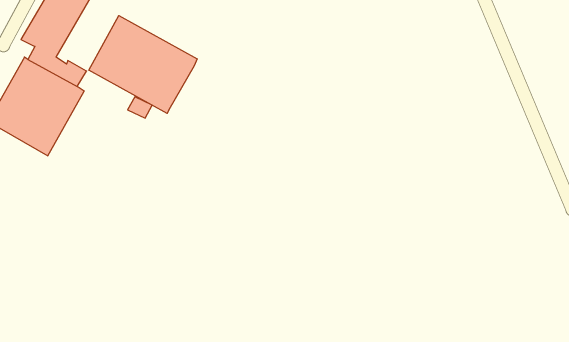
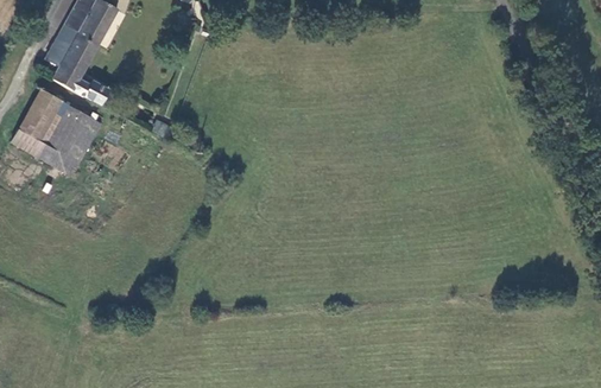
building: [89,16,197,113] -> none

